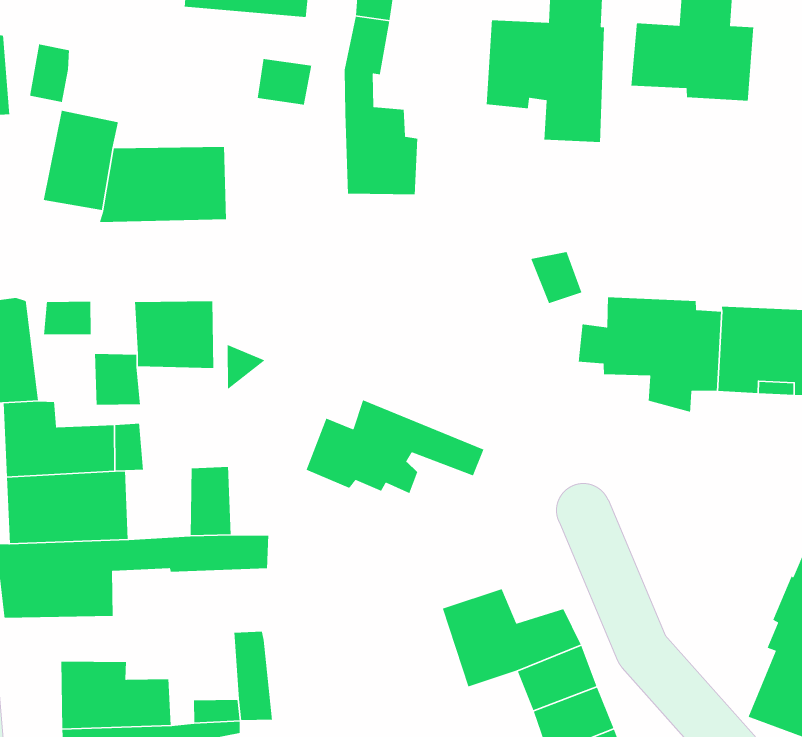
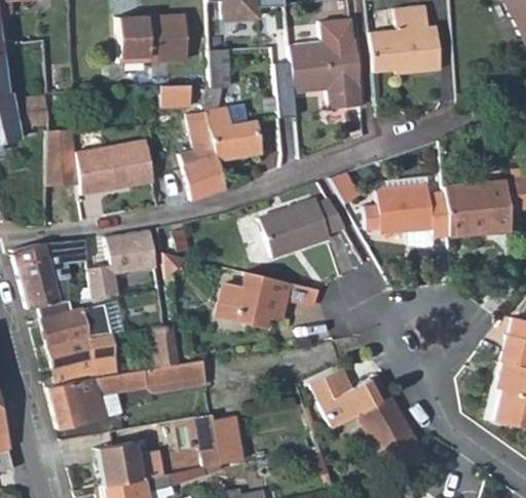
building: none -> [181,110,224,199]
building: none -> [259,198,343,254]
building: none -> [210,413,242,463]

